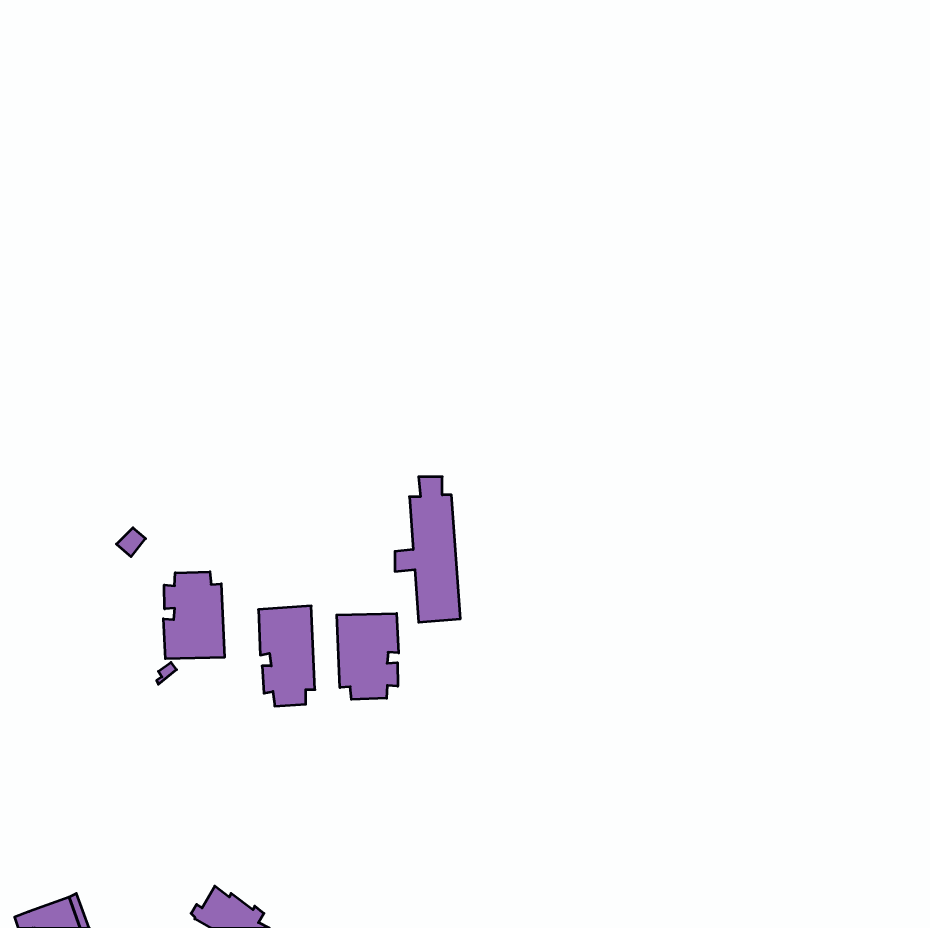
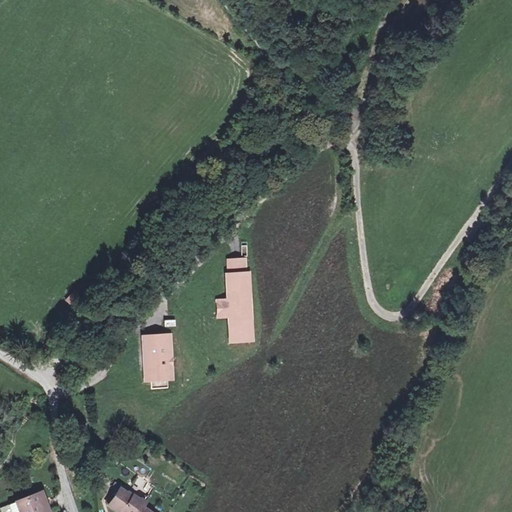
building: [163,572,224,659] -> none
building: [337,613,399,699] -> none

